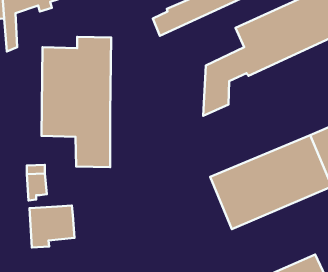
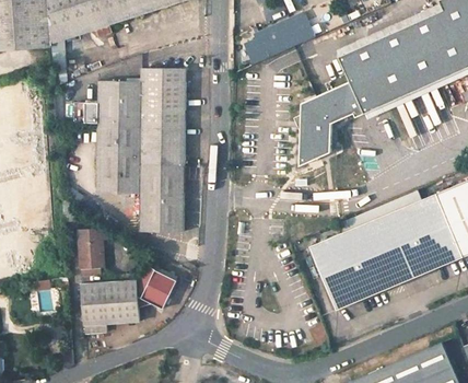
building: none -> [136,266,175,304]

